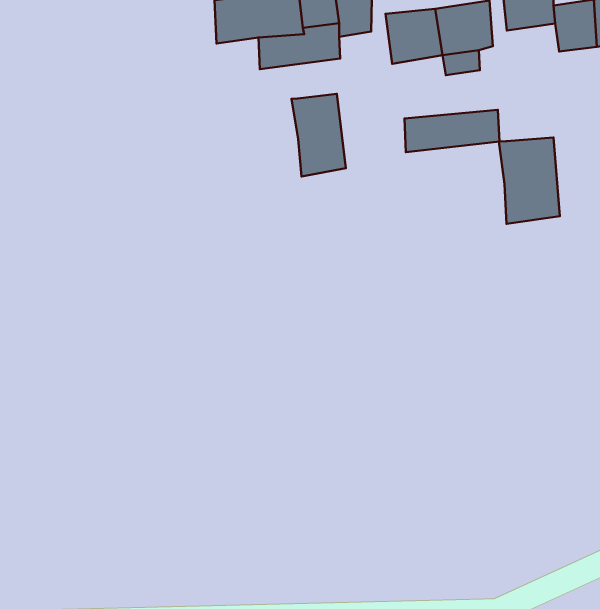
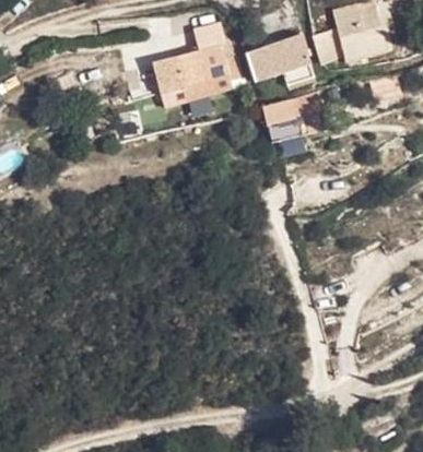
building: [291,94,346,177] -> none
building: [499,137,560,224] -> none

